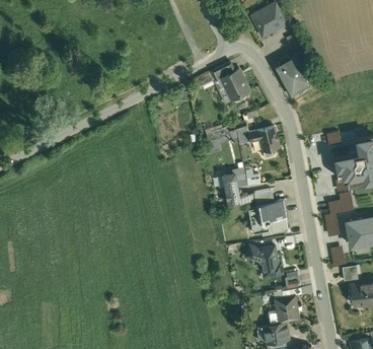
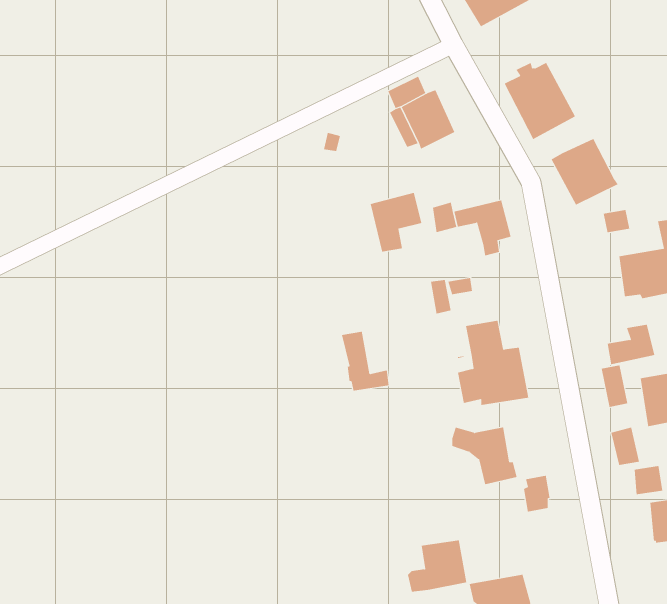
building: none -> [551,138,618,206]
building: [222,174,247,206] -> [341,331,390,391]
building: [267,296,298,324] -> [407,540,467,592]

